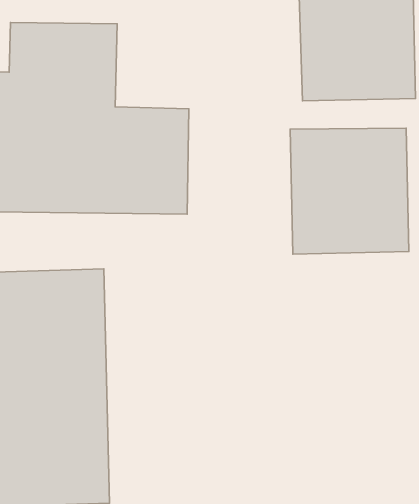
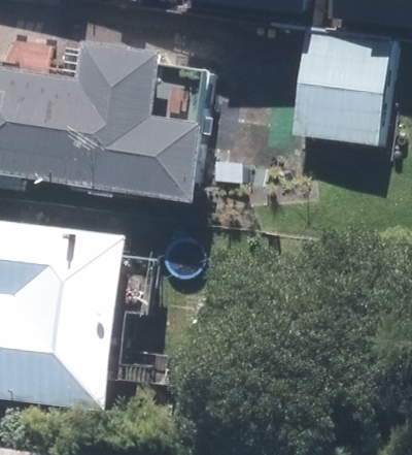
building: [290,128,409,254] -> none

